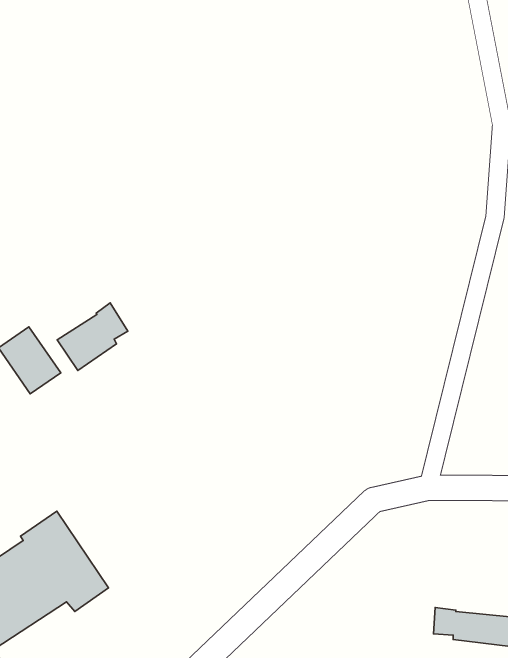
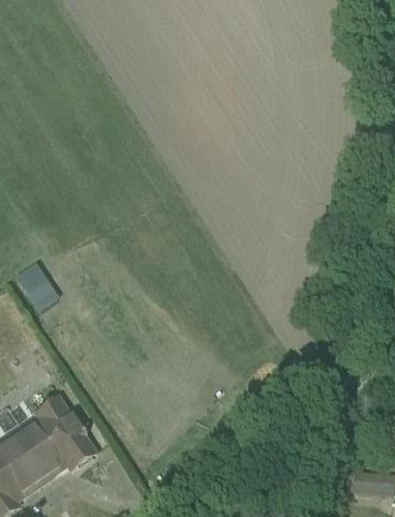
building: [57,303,128,371] -> none

